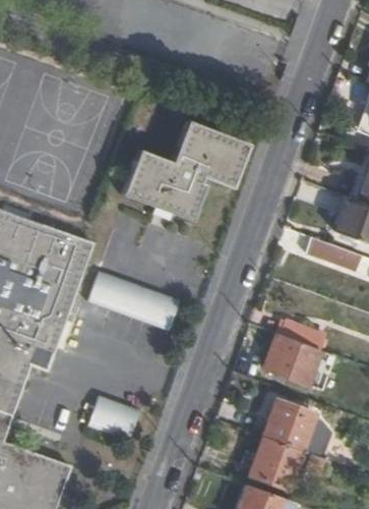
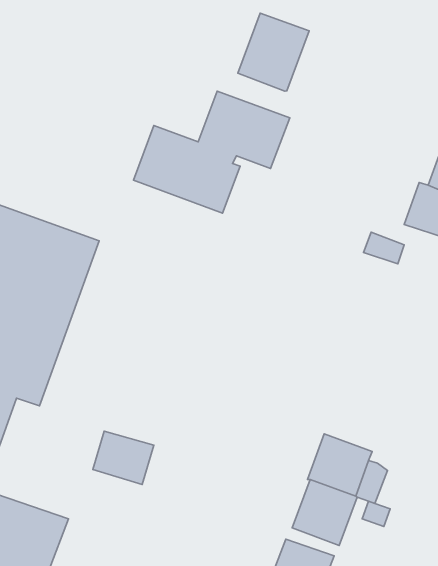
building: none -> [238,13,309,91]
building: [88,272,181,330] -> none
building: [264,332,321,383] -> none

